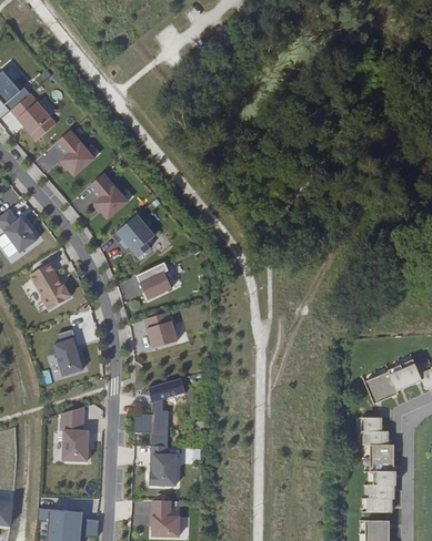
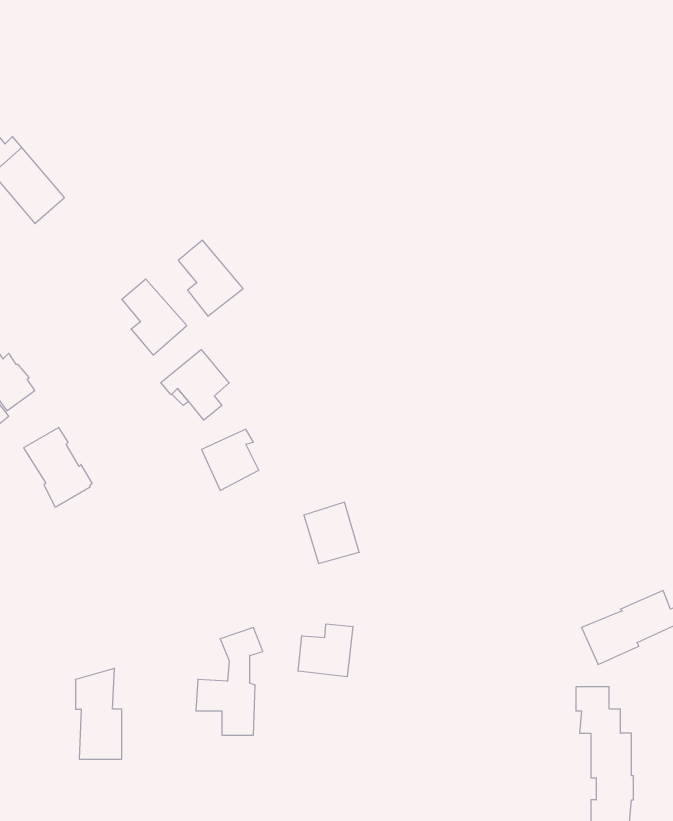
building: [56,130,94,175] -> [178,240,243,316]
building: [143,312,177,348] -> [304,502,359,563]
building: [54,328,84,375] -> none
building: none -> [298,624,353,677]
building: [149,446,177,484] -> none

